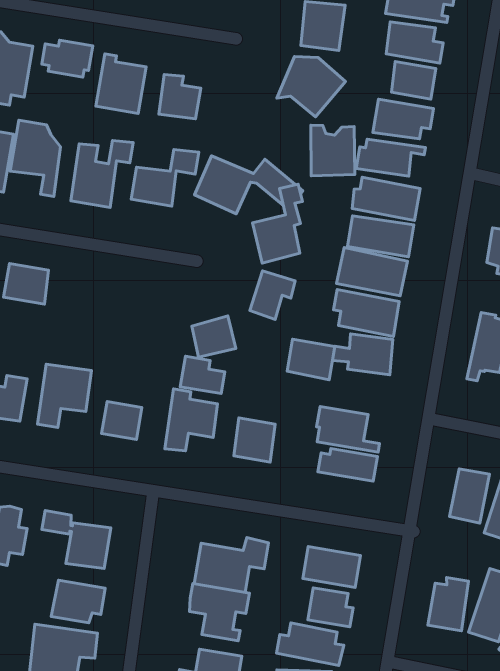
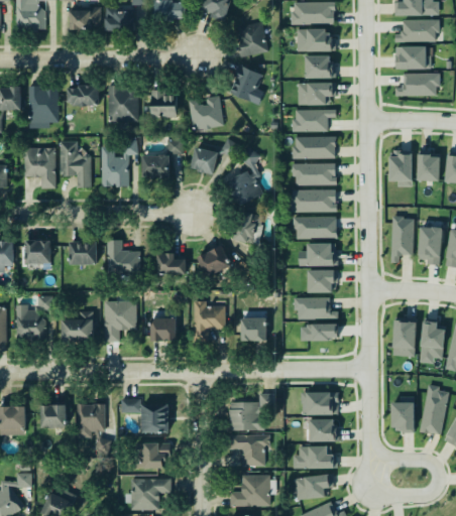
building: [311,125,355,176] -> [187,93,222,131]
building: none -> [107,240,140,276]
building: [287,339,335,380] -> [308,270,337,293]
building: [180,356,225,394] -> [155,252,184,273]

